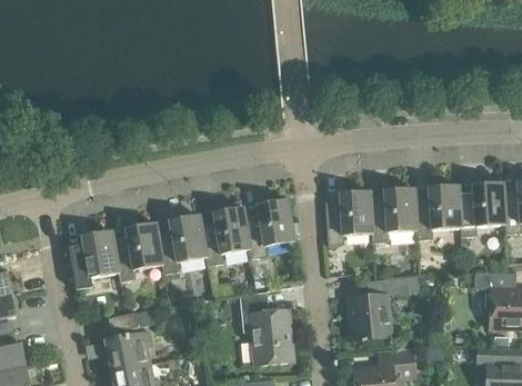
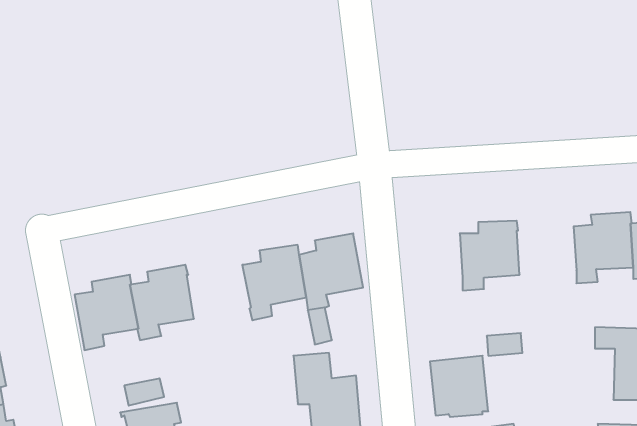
building: [414,185,461,239] -> none
building: [325,190,372,246] -> none
building: [157,215,207,274] -> none

